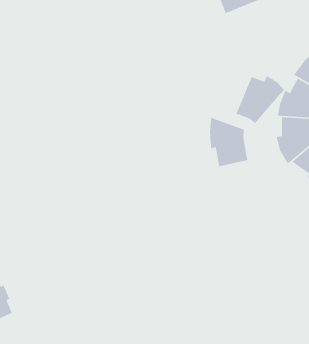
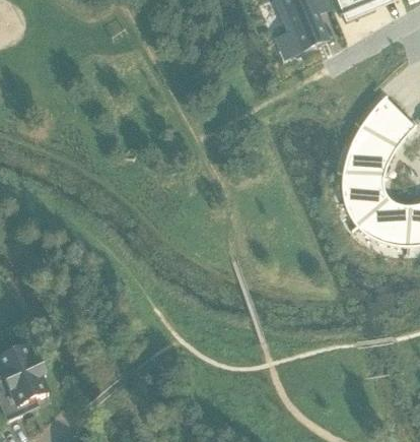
building: [235,75,285,124] -> none
building: [209,116,248,167] -> none

